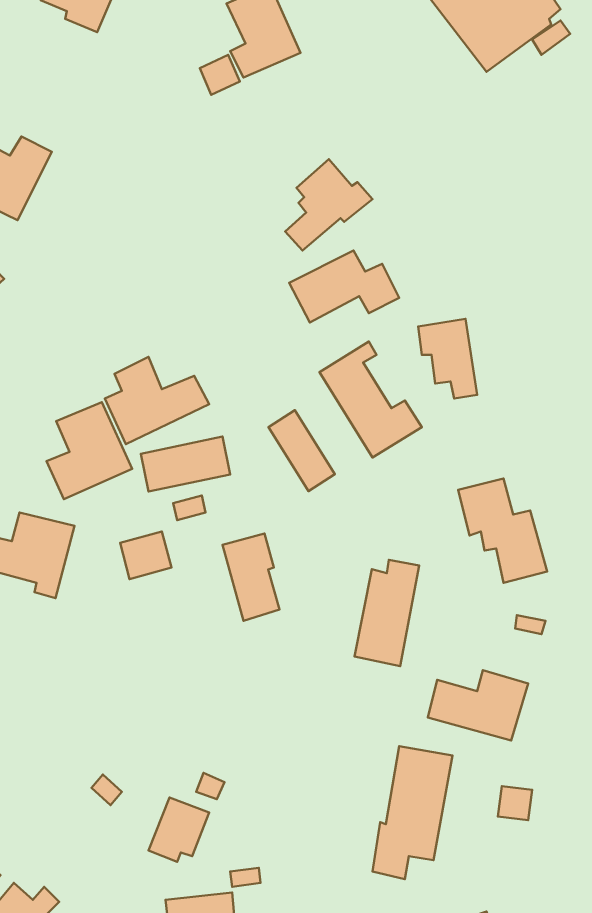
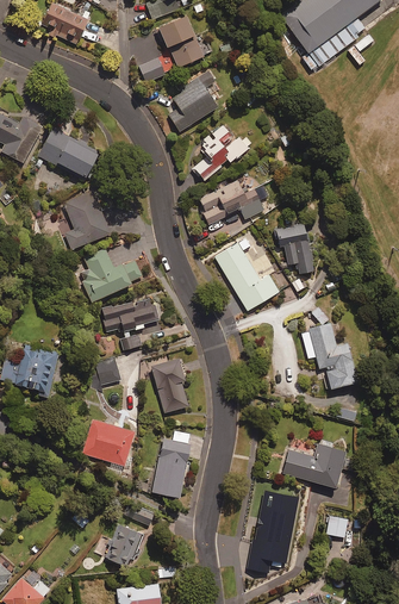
building: none -> [166,71,217,133]
building: none -> [38,129,99,180]
building: [47,402,132,499] -> [58,191,112,251]
building: [269,410,335,491] -> none
building: [355,560,419,666] -> [152,431,193,498]
building: none -> [82,419,136,467]

